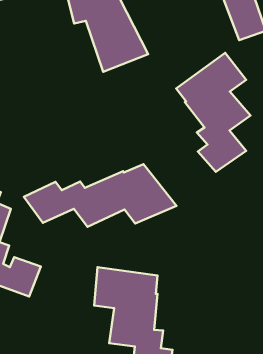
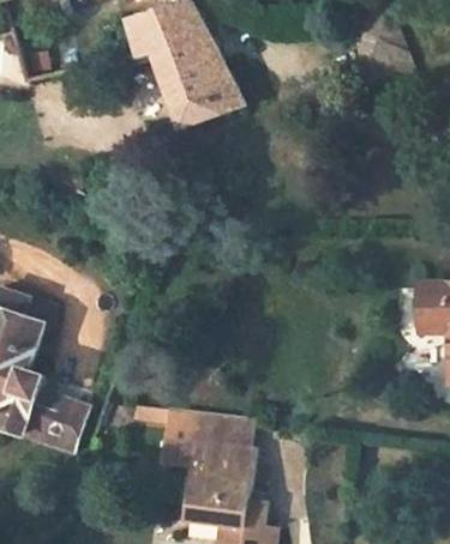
building: [176,53,251,172] -> none
building: [24,164,176,227] -> none

